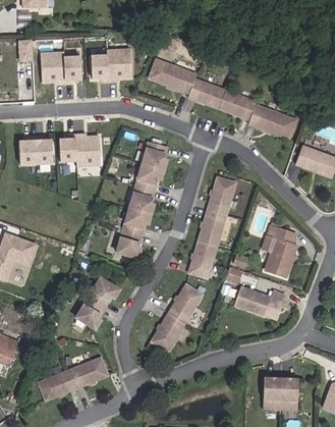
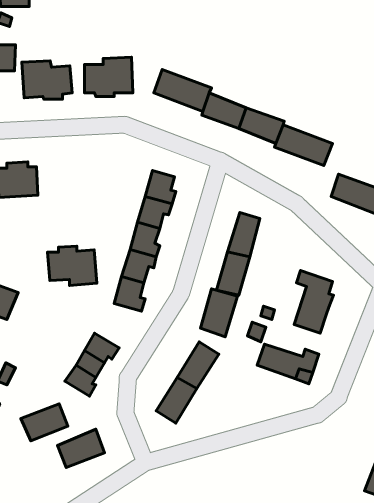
building: [59,134,100,166] -> [47,246,97,286]
building: [38,370,76,401] -> [21,404,68,441]
building: [263,377,298,411] -> none

